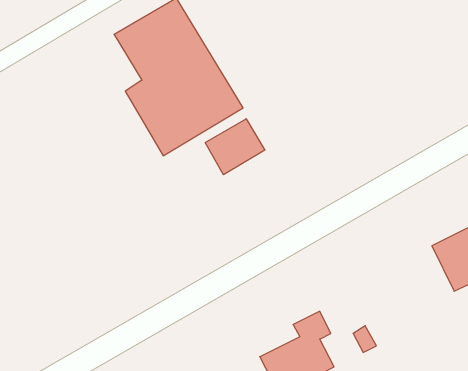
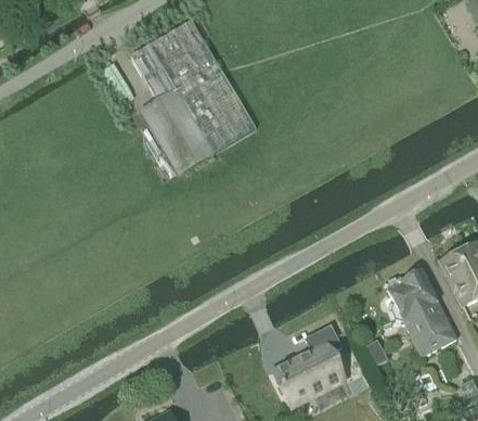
building: [205,119,265,175] -> none
building: none -> [388,269,456,355]

